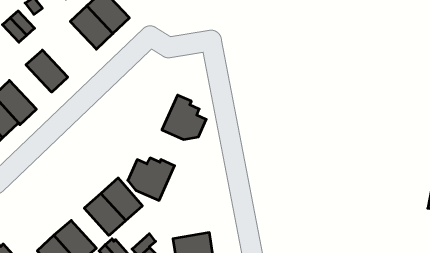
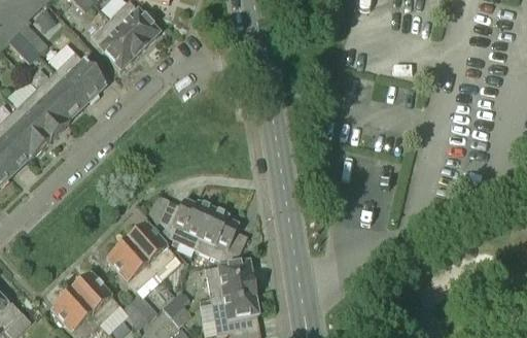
building: none -> [57,53,105,103]
building: none -> [17,89,69,141]
building: [162,95,206,139] -> [195,208,247,261]
building: none -> [206,261,254,295]

